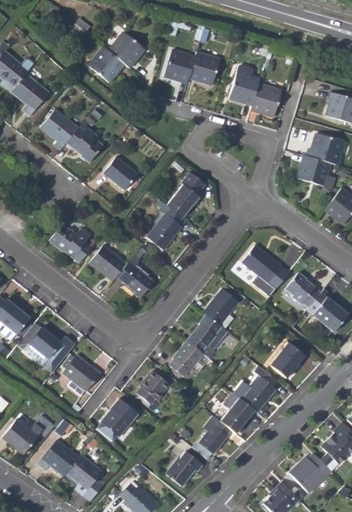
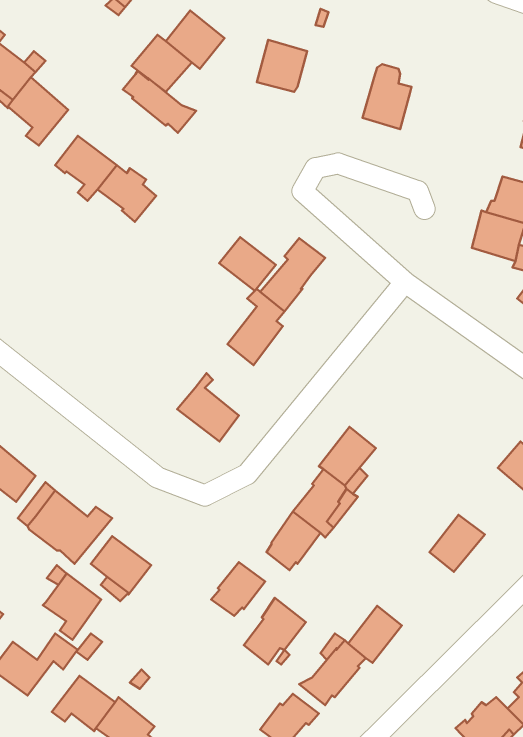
building: [190,52,220,85] -> none
building: none -> [123,71,196,133]
building: [251,83,282,116] -> none
building: [103,157,138,190] -> [219,237,276,291]
building: [56,228,92,262] -> none
building: [90,245,127,281] -> none
building: [239,246,290,295] -> none
building: [285,272,321,307] -> none
building: [234,365,278,413] -> none
building: none -> [43,573,101,640]
building: [100,398,138,439] -> [244,598,306,665]

